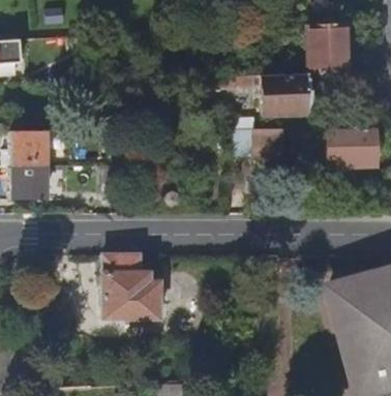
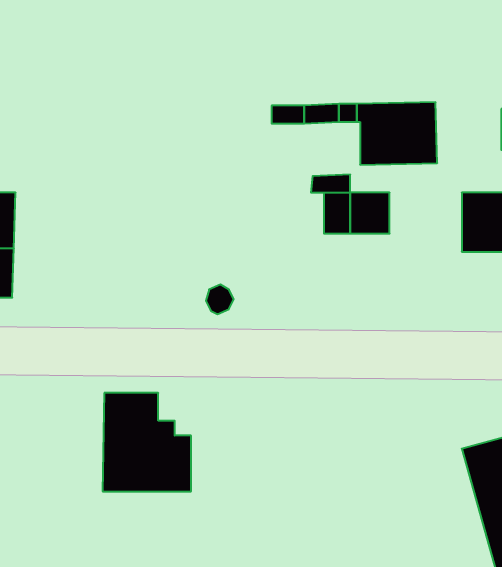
building: [309,21,348,72] -> none

